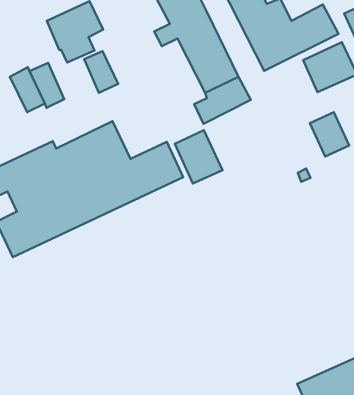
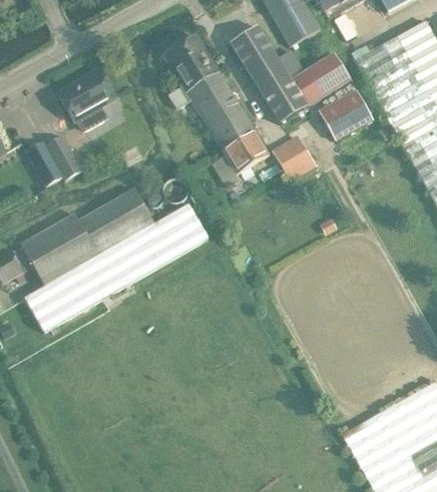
building: [84,51,118,93] -> none
building: [310,112,349,156] -> [273,135,314,180]
building: [175,130,223,183] -> none

